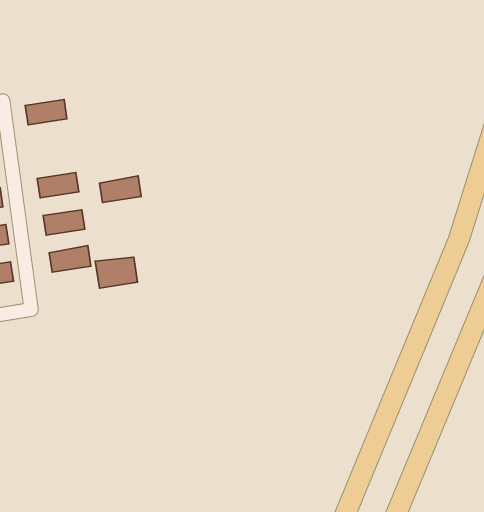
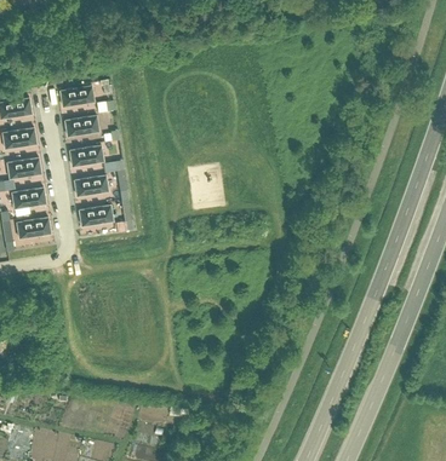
building: [100,176,141,203] -> [65,115,99,137]
building: [95,257,138,288] -> none

